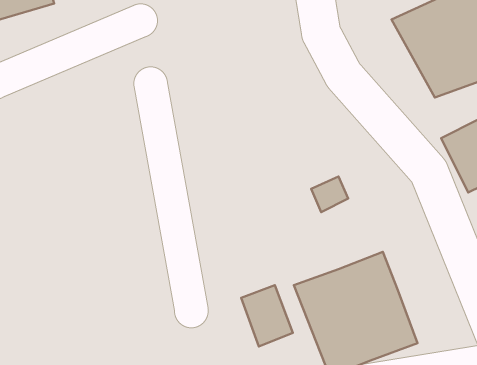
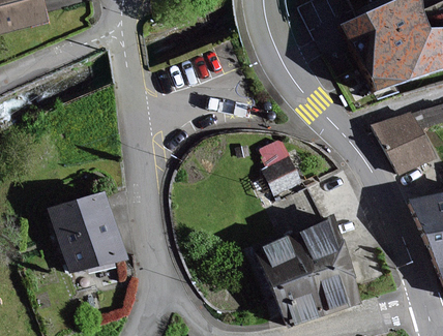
building: none -> [58,187,134,270]
building: [241,285,293,346] -> none

